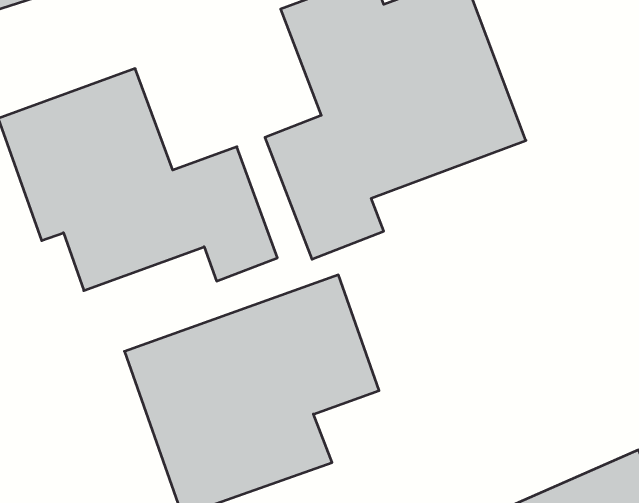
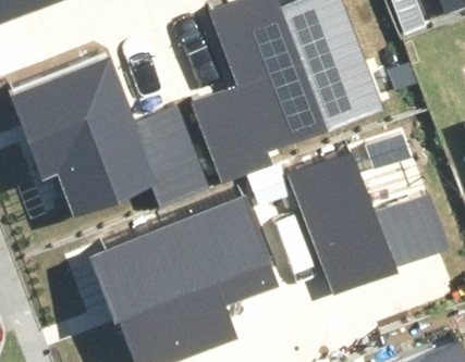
building: none -> [289,150,444,292]

